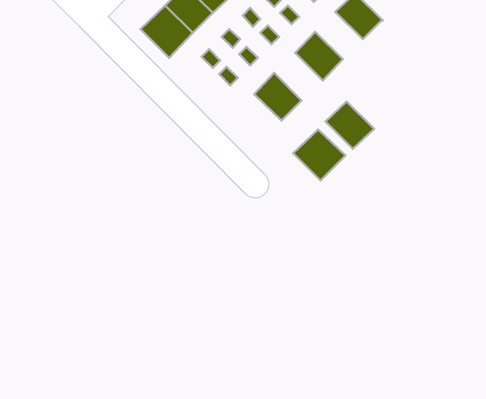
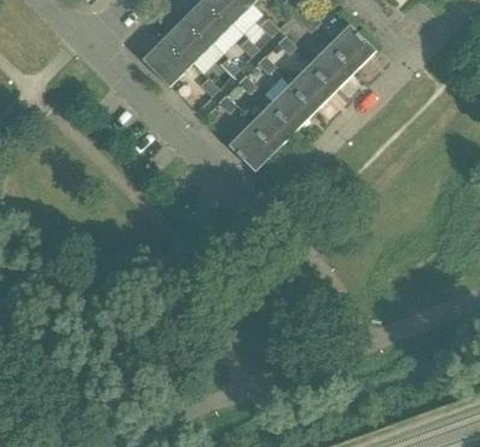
building: none -> [311,41,357,87]
building: [325,101,374,149] -> [271,81,318,127]
building: [293,129,346,181] -> [227,121,278,170]

